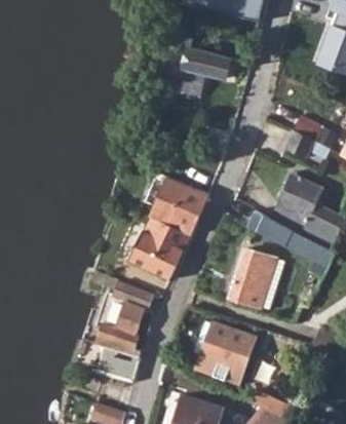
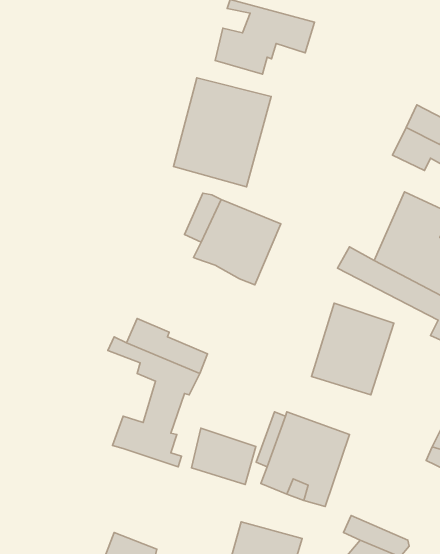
building: none -> [173,78,271,187]
building: [136,219,180,266] -> none
building: [95,346,139,384] -> [192,428,256,485]

